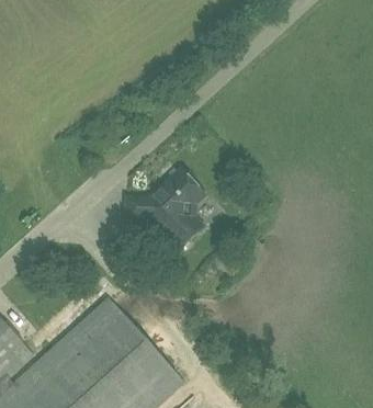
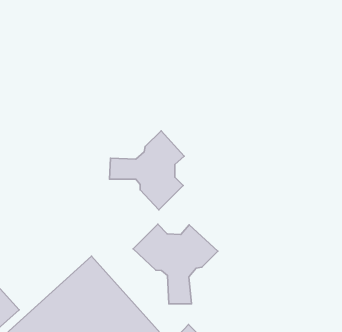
building: none -> [133,224,218,304]

